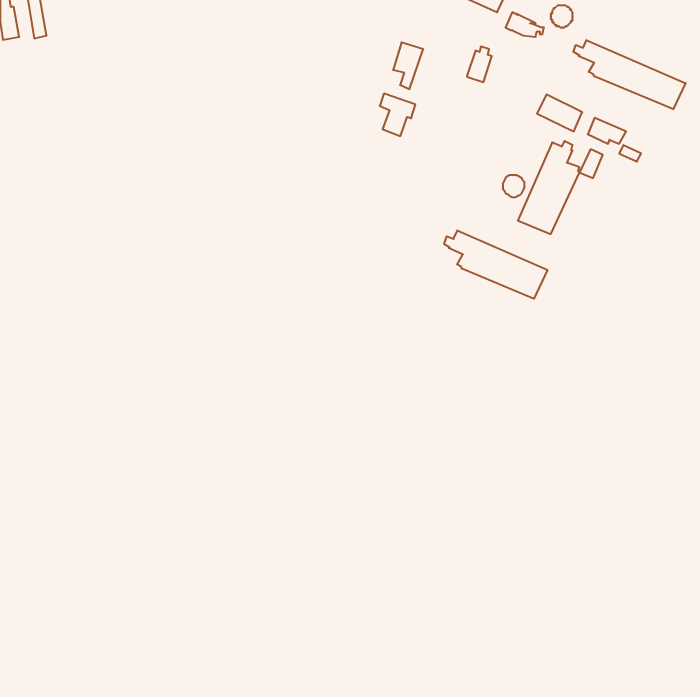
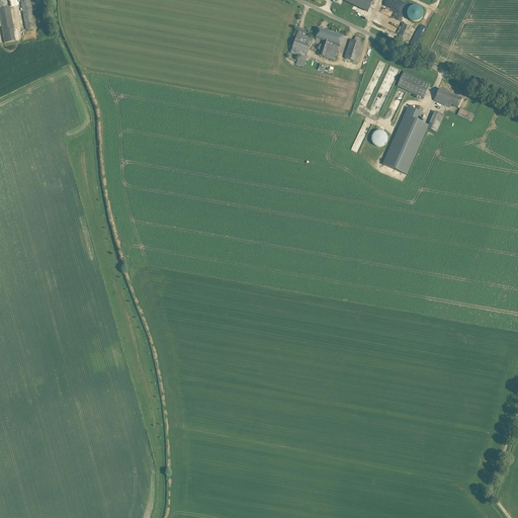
building: [573,40,686,109] -> none
building: [380,94,415,136] -> [316,26,342,58]
building: [444,230,547,299] -> none

